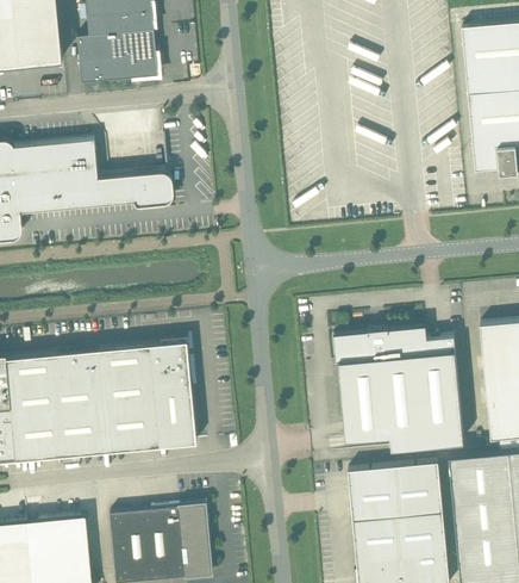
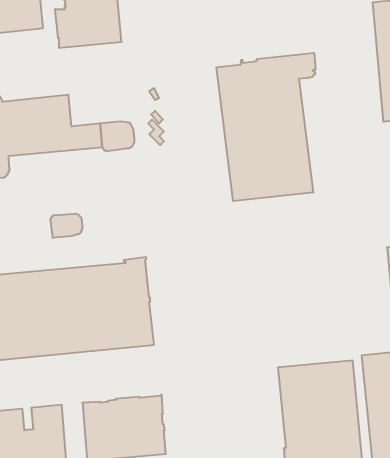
building: none -> [217,53,315,201]
building: none -> [51,214,82,238]
building: [333,328,464,451] -> none

